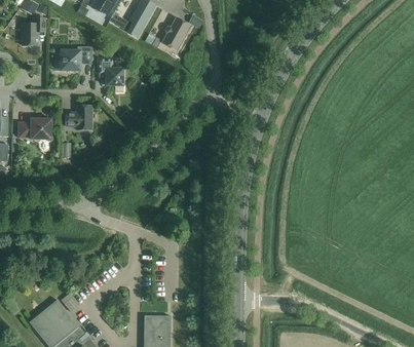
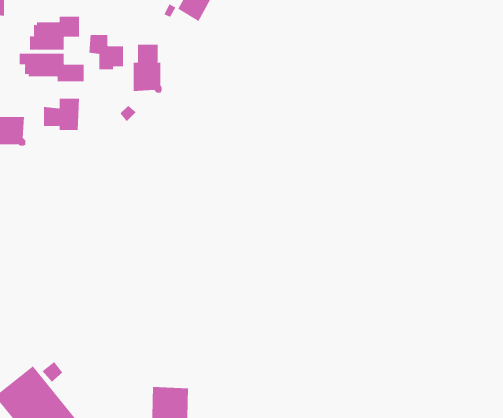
building: none -> [133,44,162,93]
building: none -> [19,53,84,82]

